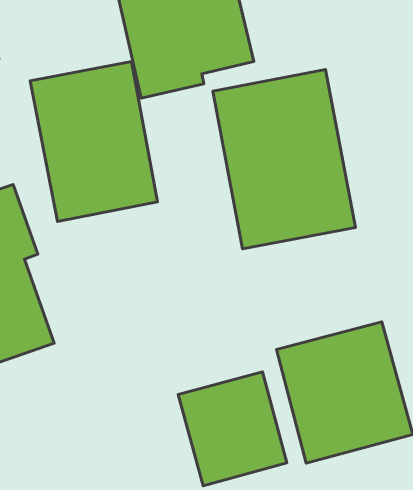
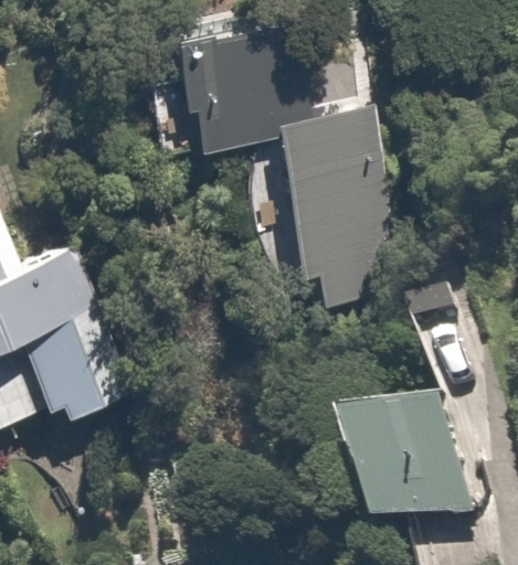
building: [30,62,157,222] -> none
building: [178,372,287,486] -> none

